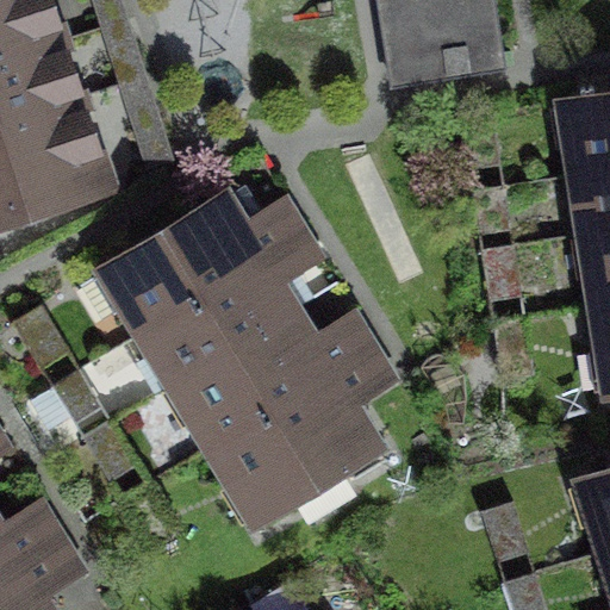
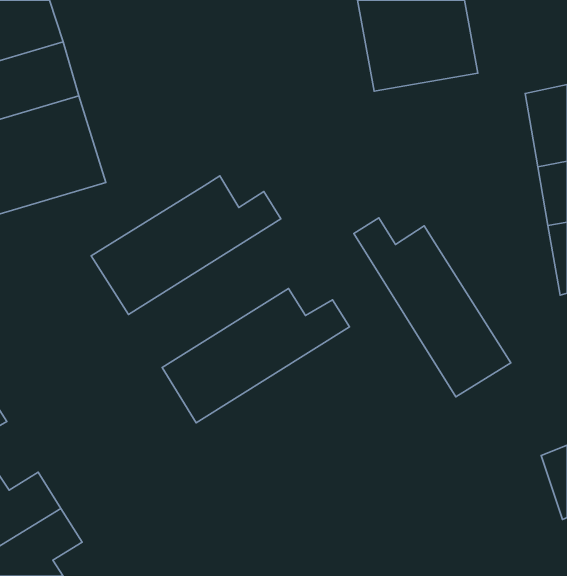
building: none -> [354,218,511,397]
building: [136,231,317,388] -> none
building: [207,346,394,531] -> none

